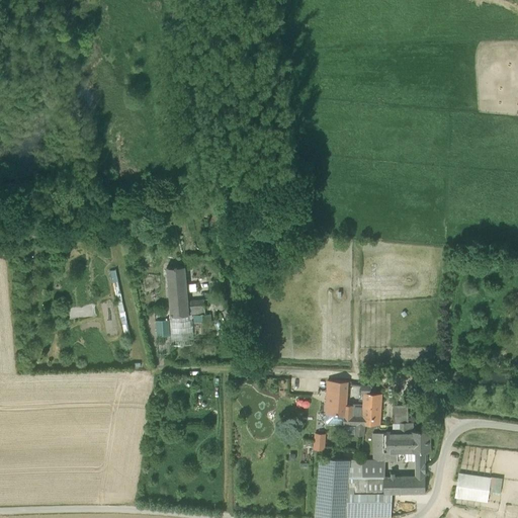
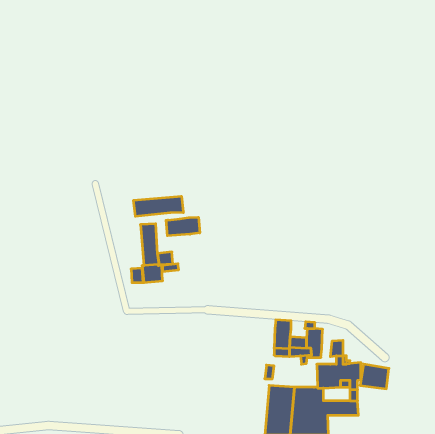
building: none -> [134,196,183,216]
building: none -> [166,217,200,236]
building: [455,473,490,503] -> [360,364,389,389]

